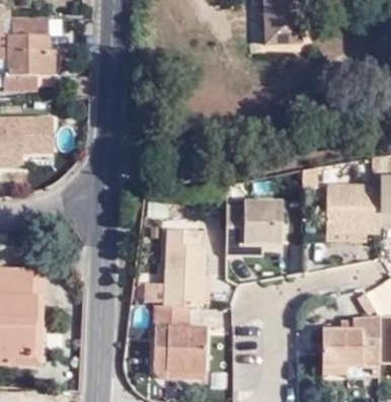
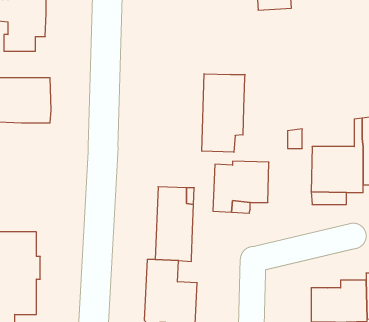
building: none -> [202,74,245,152]

